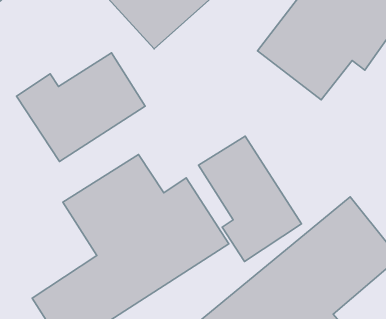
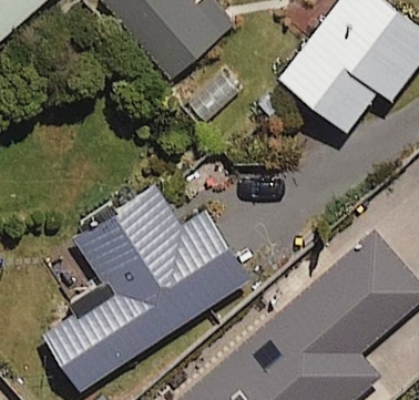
building: [17,53,145,161] -> none
building: [199,136,301,262] -> none

